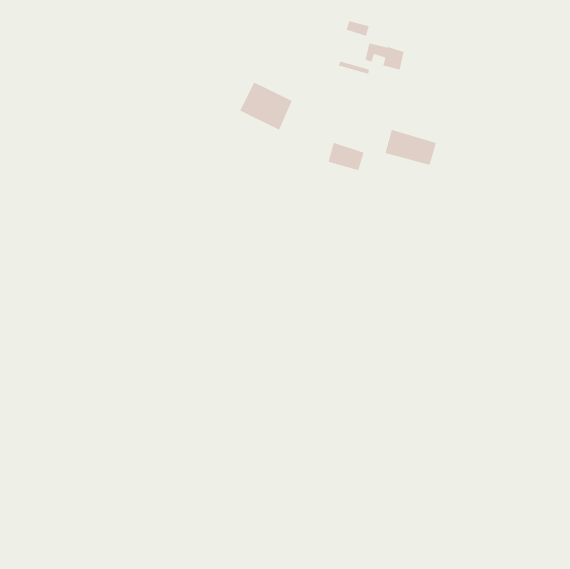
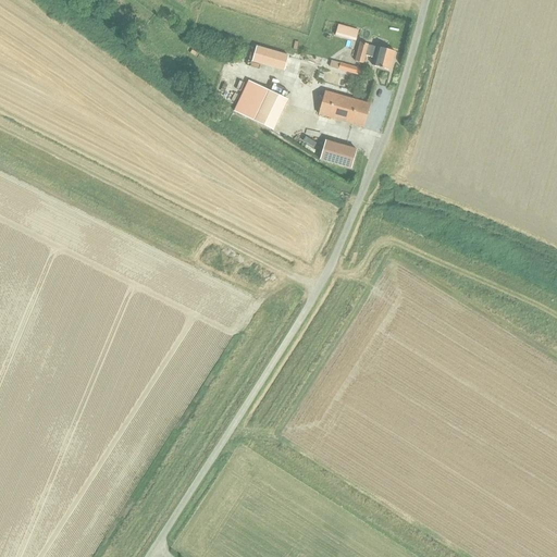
building: none -> [250,44,287,67]
building: [384,129,437,166] -> [318,89,369,125]

